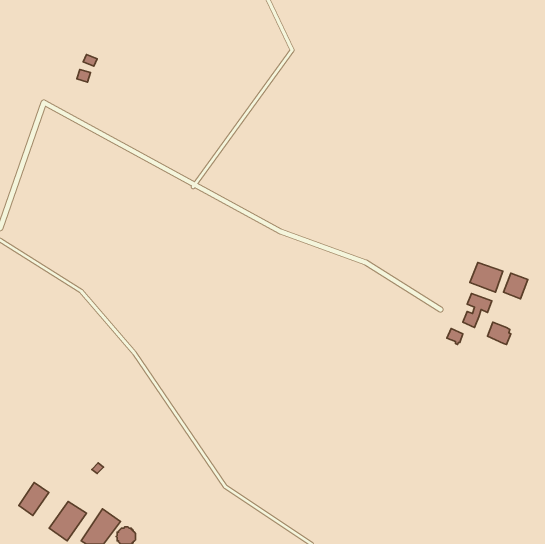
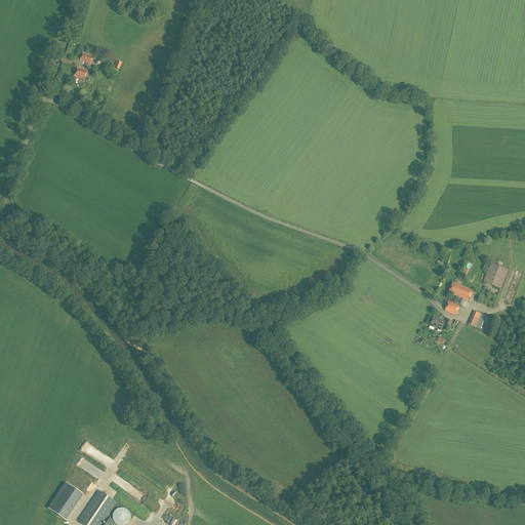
building: [470,263,503,292] -> none
building: [19,482,49,516] -> none

